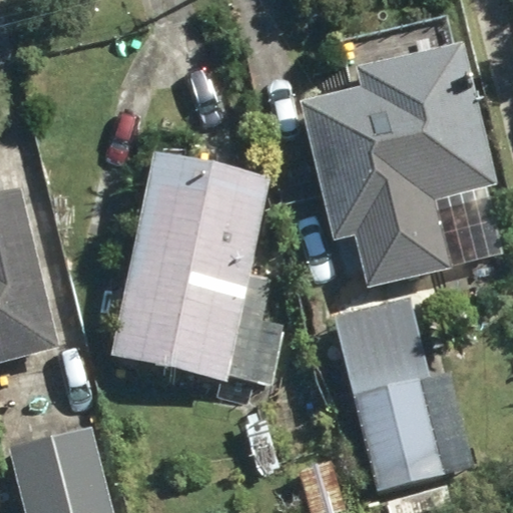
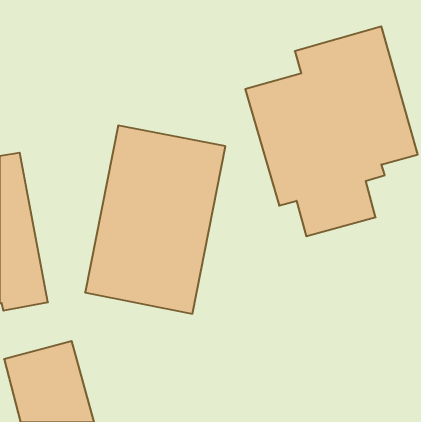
building: [349,346,451,494] -> none

